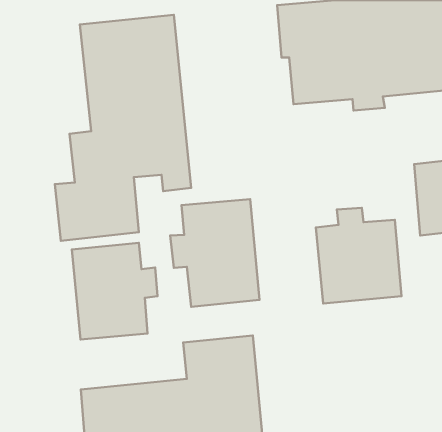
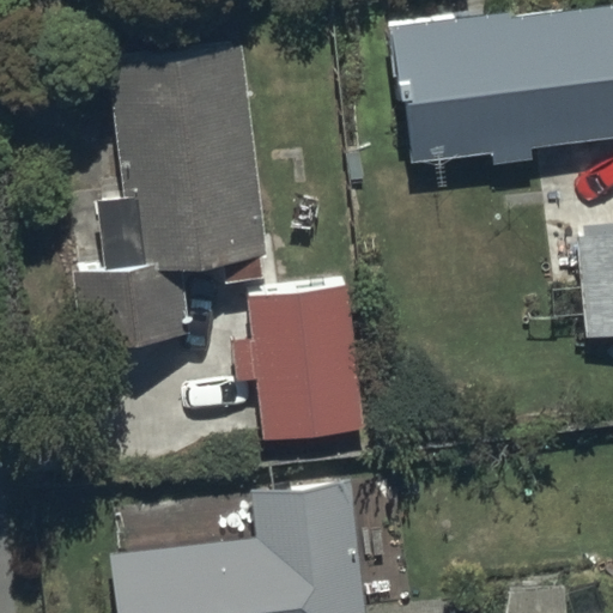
building: [316,208,402,304] -> none
building: [72,243,157,340] -> none

